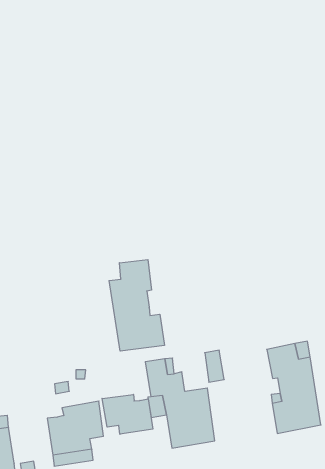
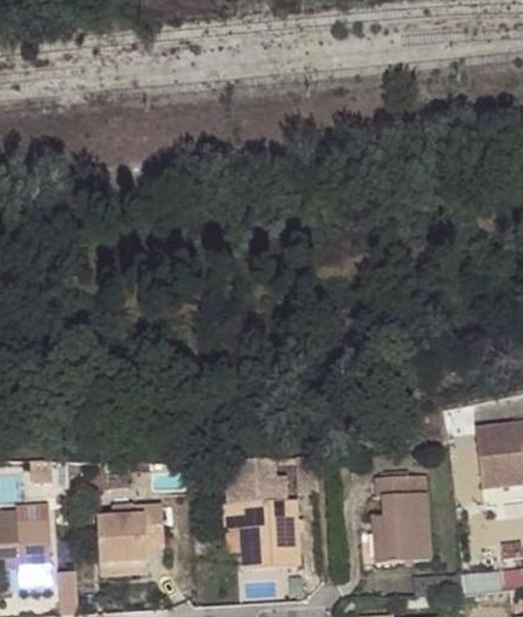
building: [109,260,164,351] -> none
building: [102,394,153,434] -> none

